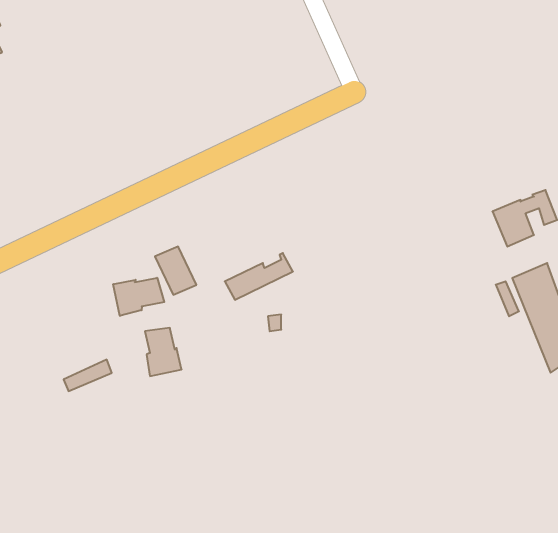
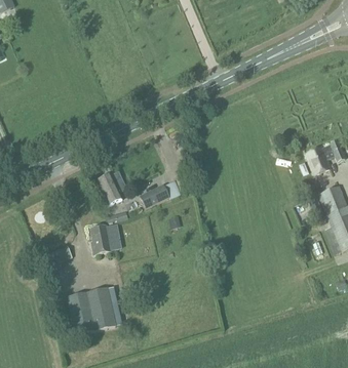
building: [113,278,164,316] -> none
building: none -> [67,286,123,334]

